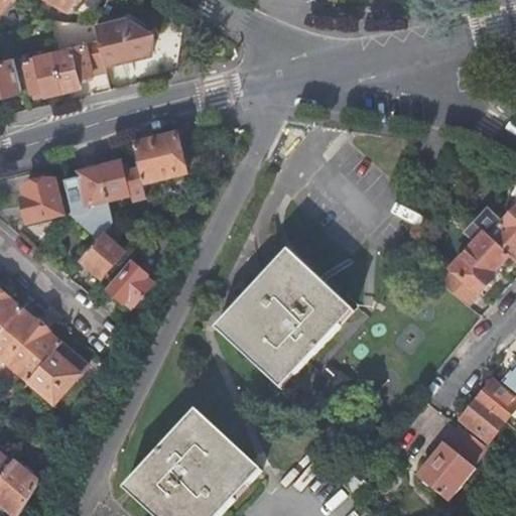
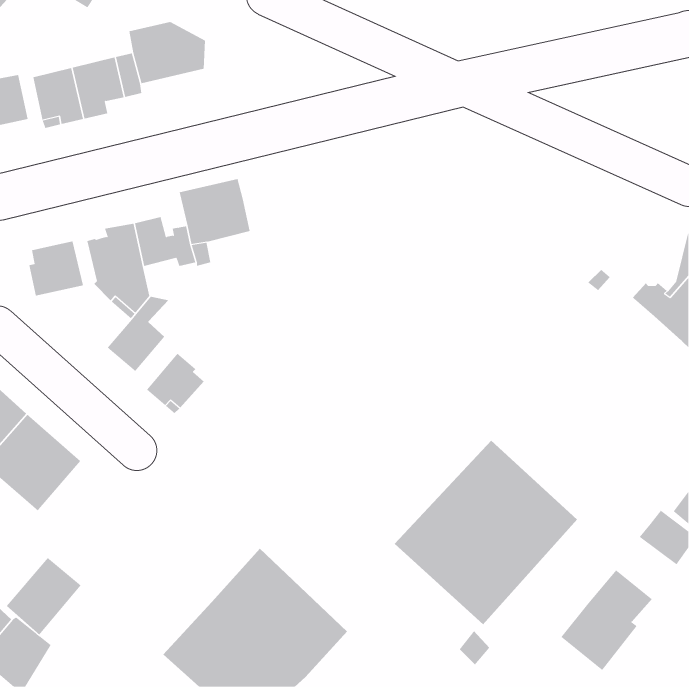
building: [437,223,507,304] -> none
building: [215,252,352,390] -> [394,440,578,625]
building: [29,344,86,402] -> [6,557,81,635]
building: [461,400,504,440] -> none

